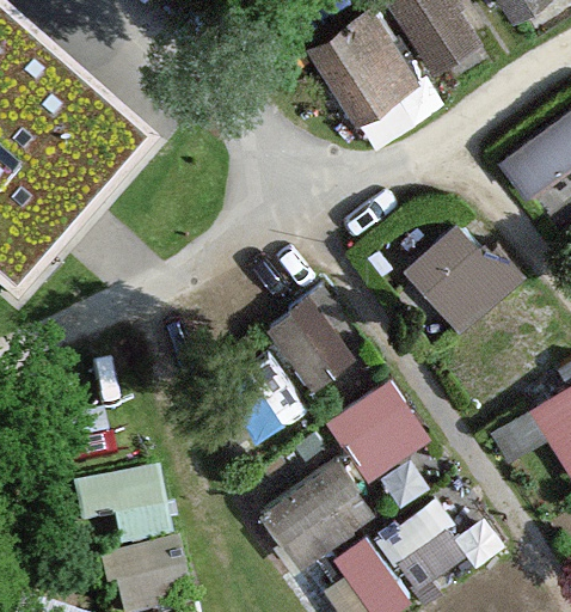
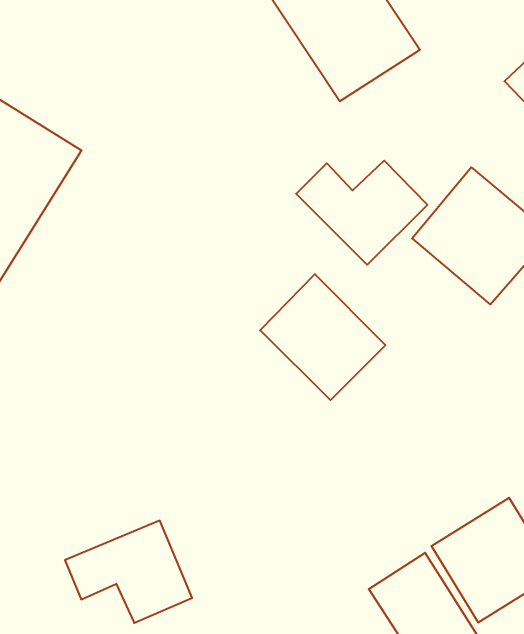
building: none -> [296,161,427,265]
building: [325,375,432,481] -> none
building: [258,458,374,567] -> none

